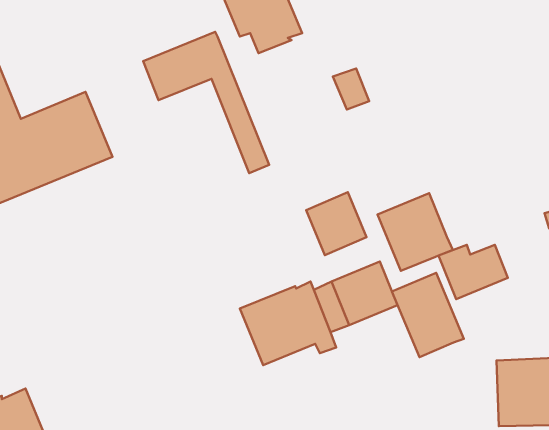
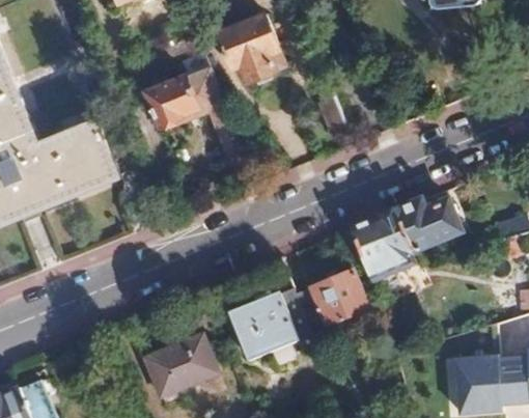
building: [306,192,367,255] -> none
building: [438,245,508,299] -> [396,199,457,247]
building: [392,273,464,357] -> none
building: none -> [144,334,218,395]

